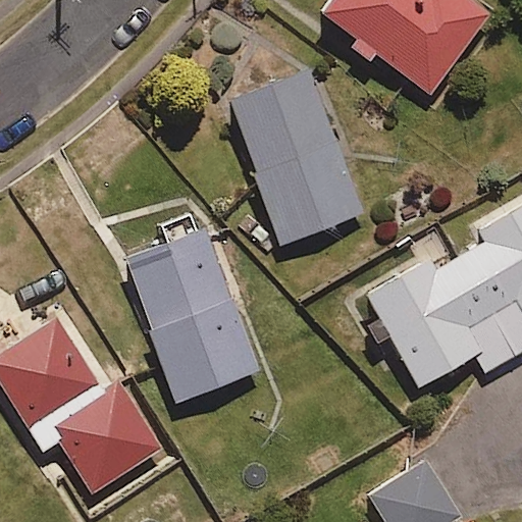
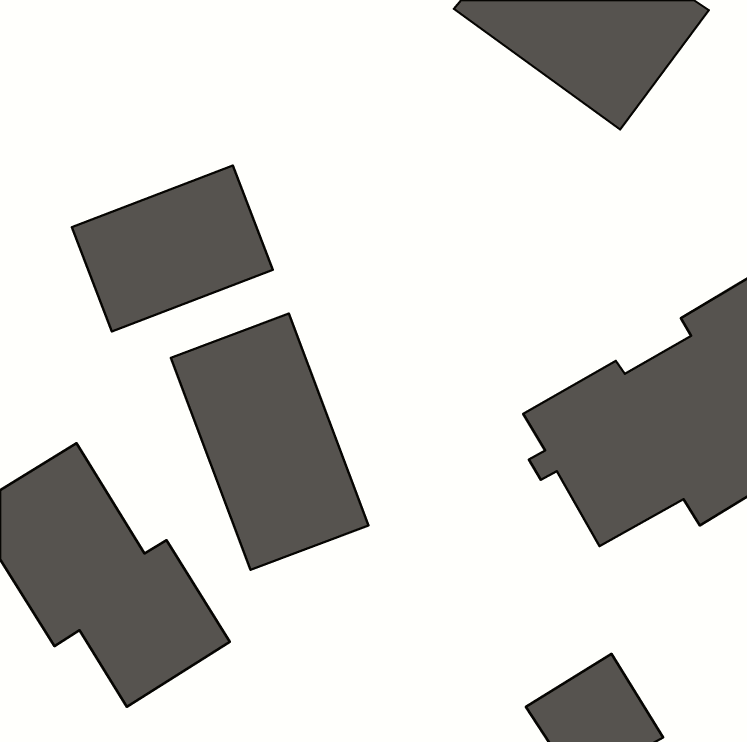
building: [226,62,366,243] -> none
building: none -> [72,166,273,331]

